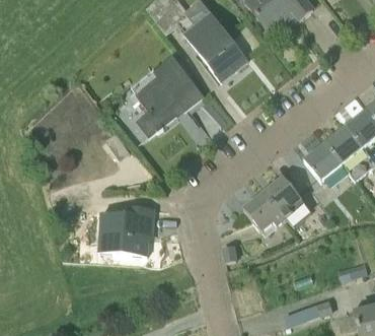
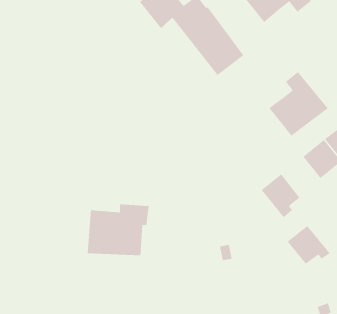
building: [134,56,203,135] -> none
building: none -> [269,71,329,137]
building: [243,192,286,230] -> [287,225,331,265]

